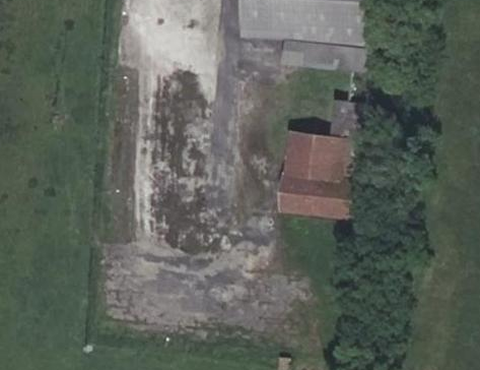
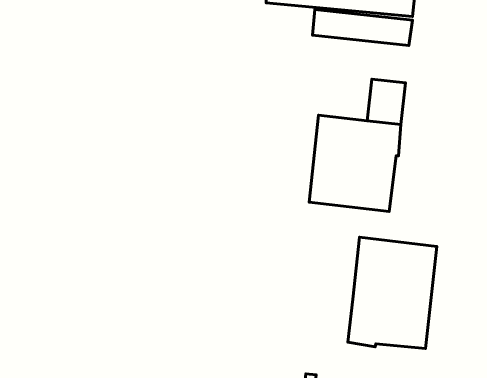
building: none -> [348,237,437,349]

